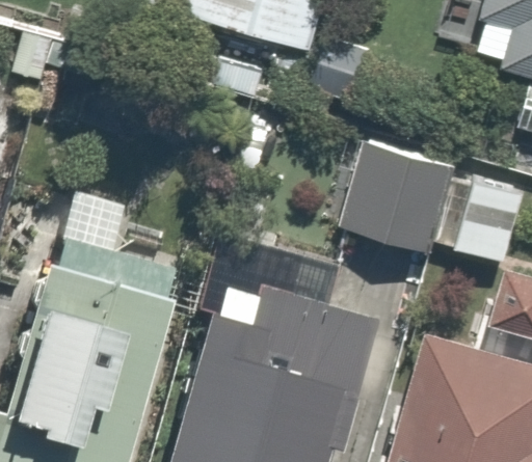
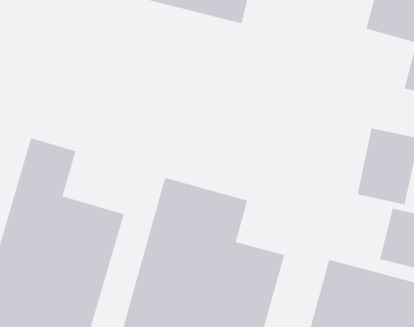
building: [344,137,461,260] -> none

